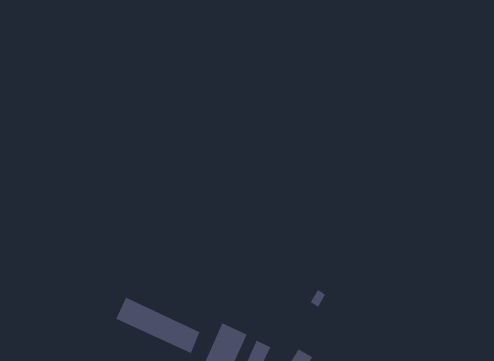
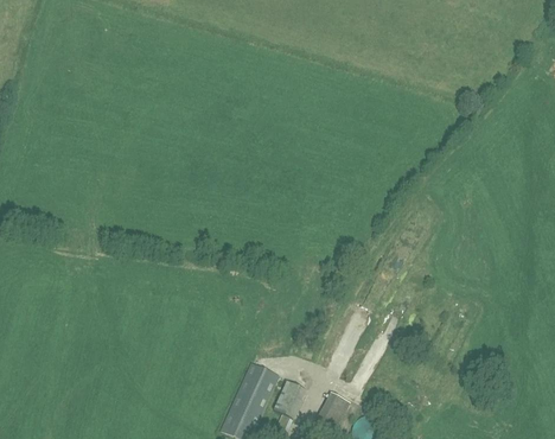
building: [116,297,200,354] -> none

